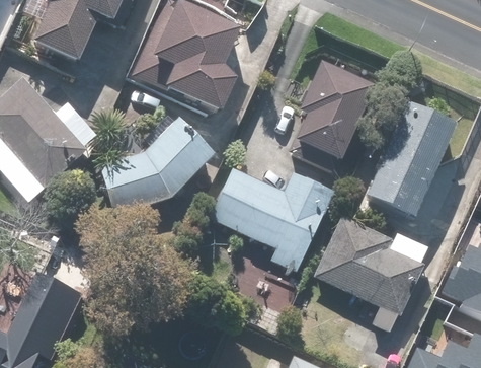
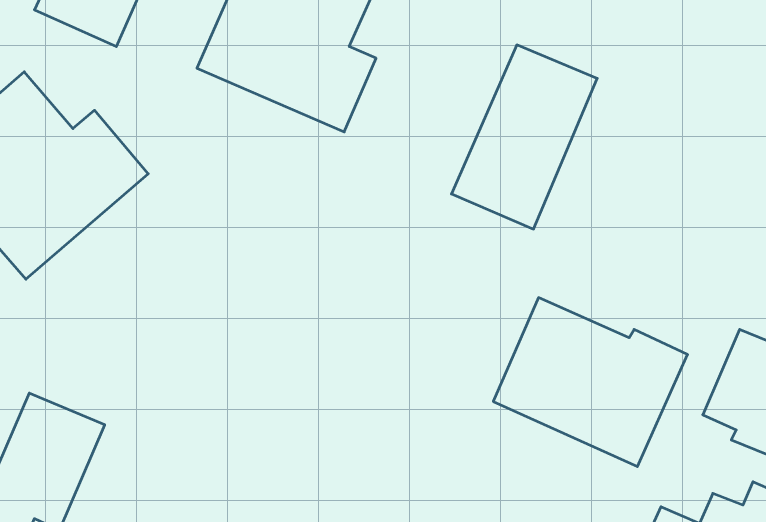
building: [367,100,460,218] -> none
building: [100,122,215,216] -> none
building: [214,140,332,273] -> none

